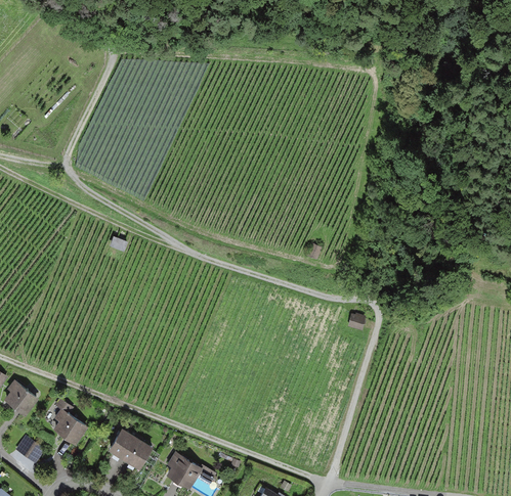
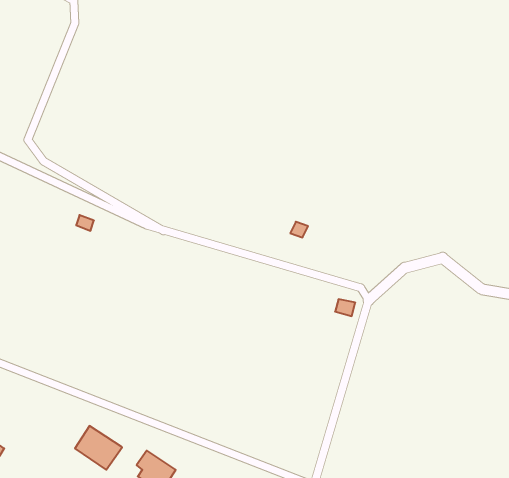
building: [54,408,88,446] -> none

